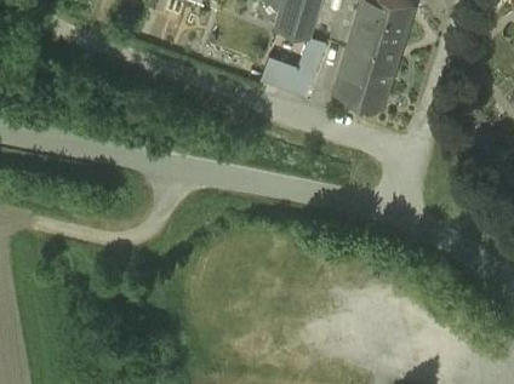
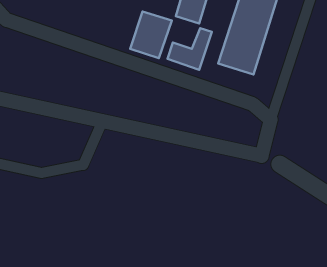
building: none -> [130,12,172,58]

